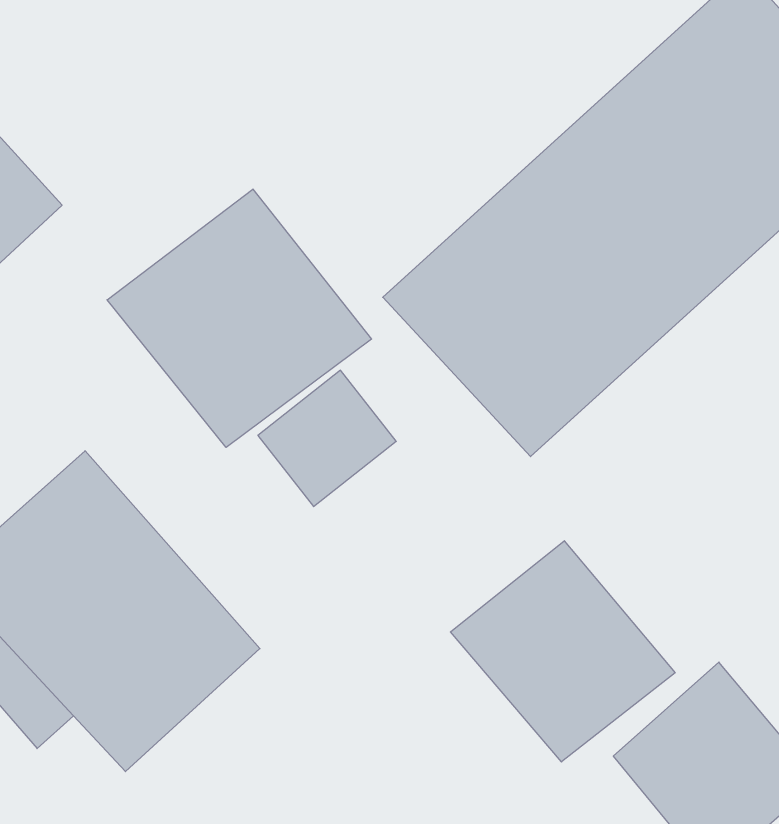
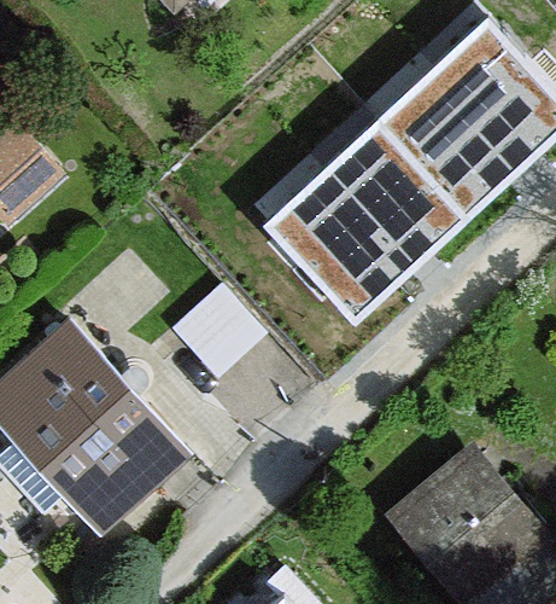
building: [107,189,372,447] -> none
building: [450,541,675,762] -> none

